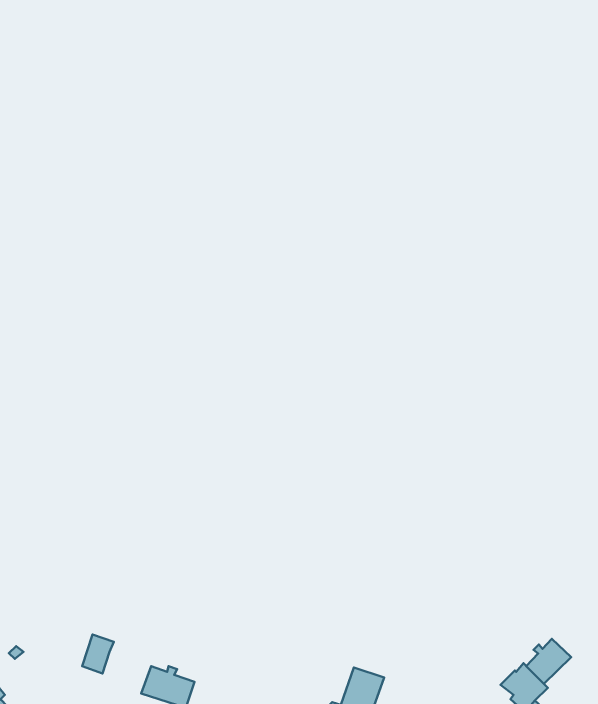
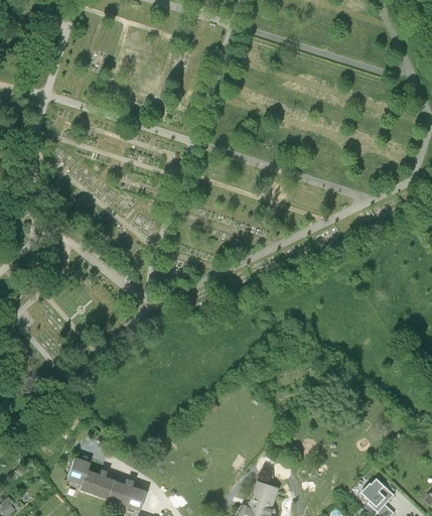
building: [526,639,571,684] -> none
building: none -> [81,471,116,500]

